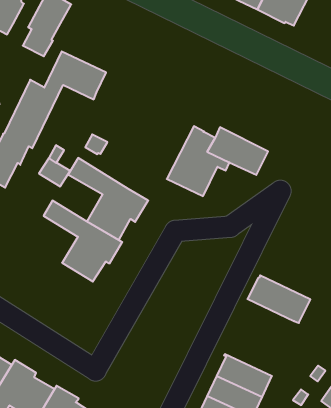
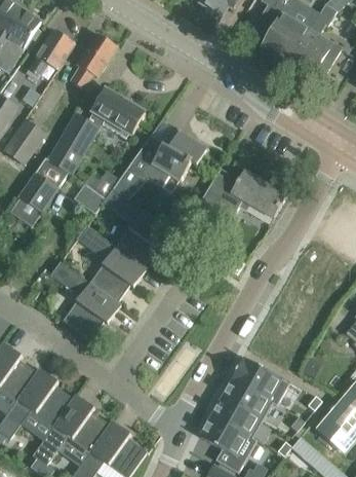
building: none -> [128,133,206,183]
building: none -> [49,261,120,340]
building: [247,275,310,323] -> [231,358,288,404]

